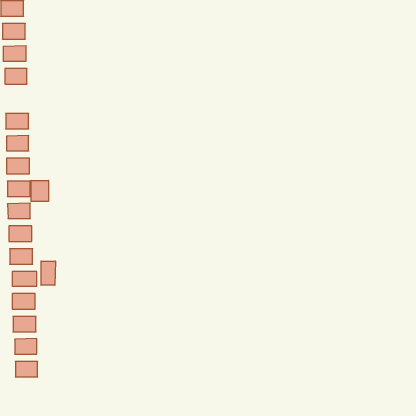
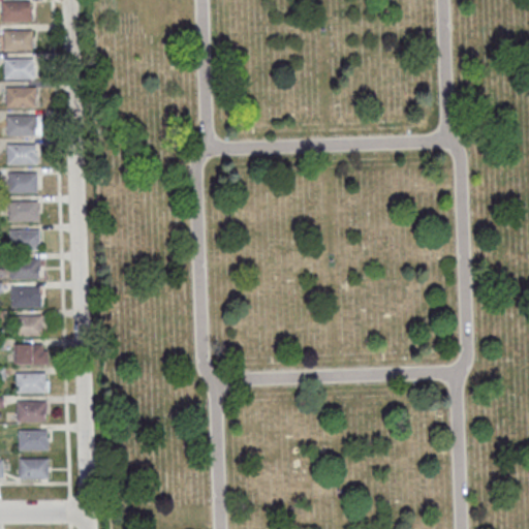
building: none -> [7,117,36,136]
building: [31,180,48,201] -> none
building: [41,261,55,285] -> none

